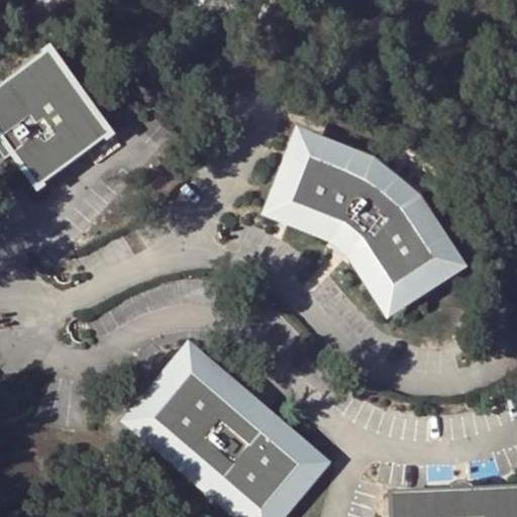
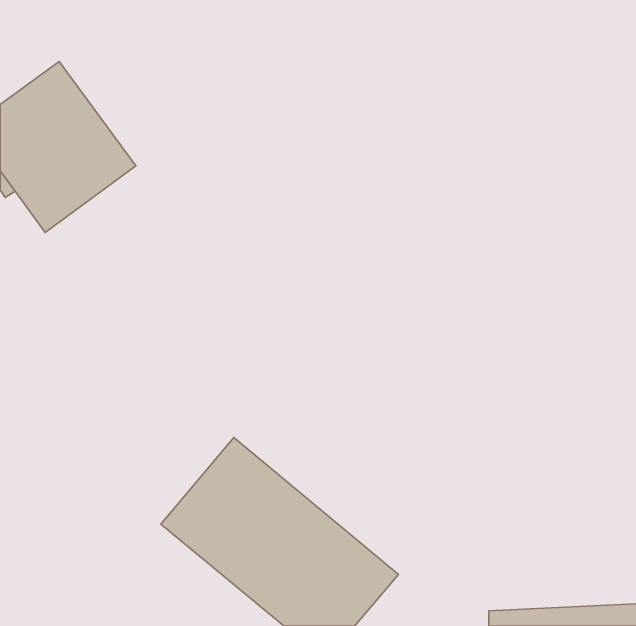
building: [279,137,463,308] -> none

